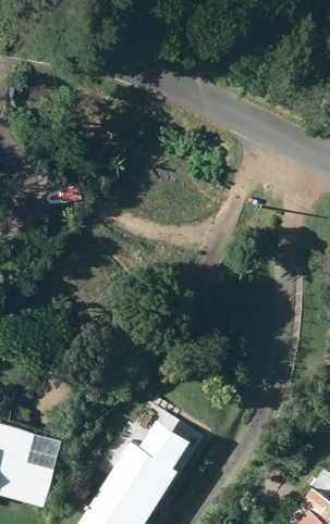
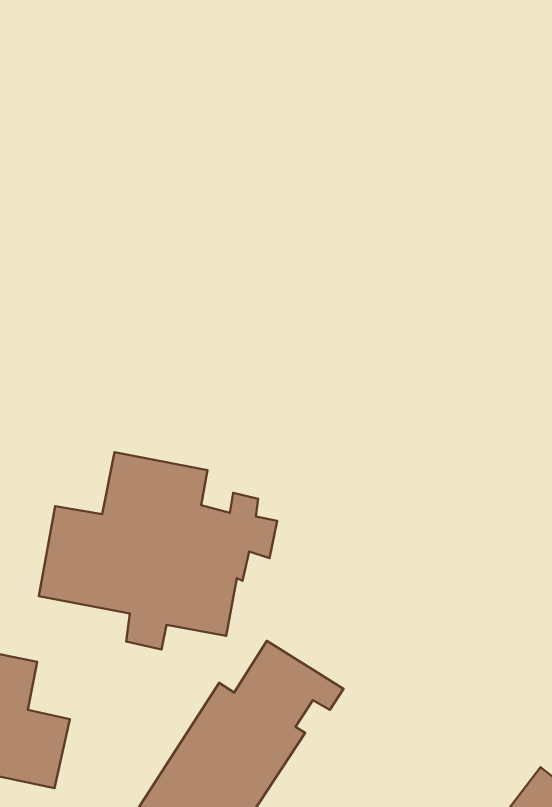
building: none -> [39,452,277,650]

